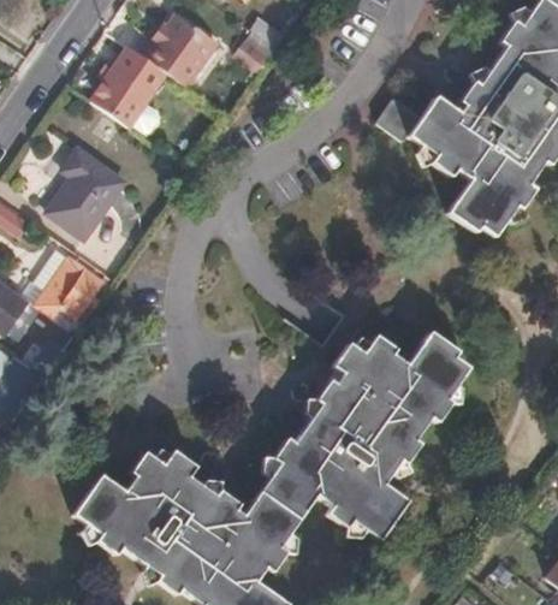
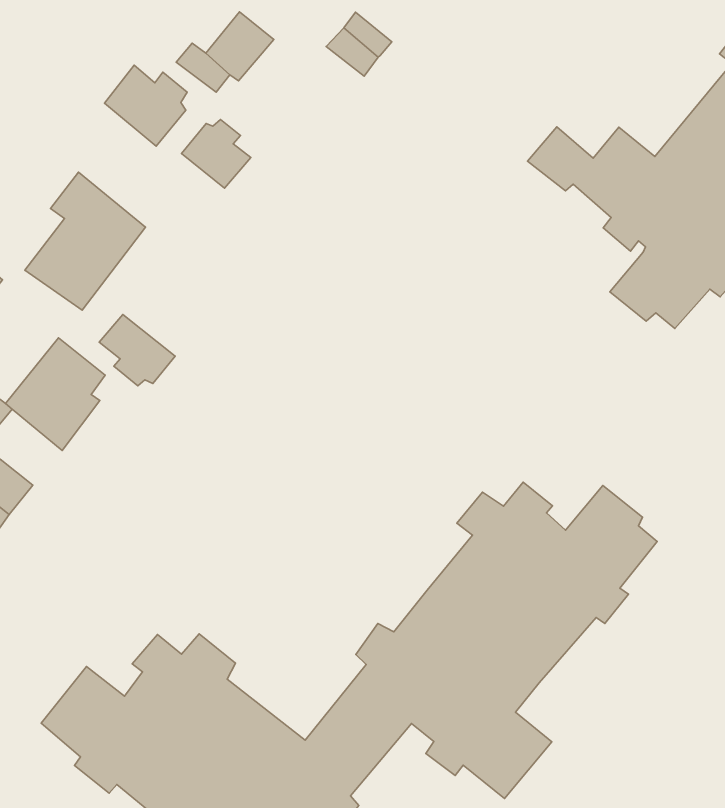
building: none -> [181,119,251,188]
building: none -> [99,315,175,386]

